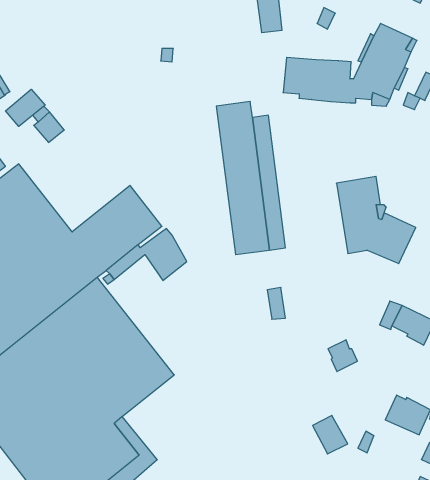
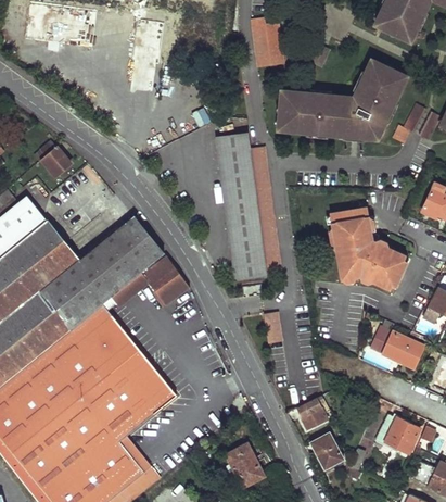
building: [6,89,45,126] -> none
building: [328,340,357,372] -> [297,399,326,429]
building: none -> [225,443,264,487]

